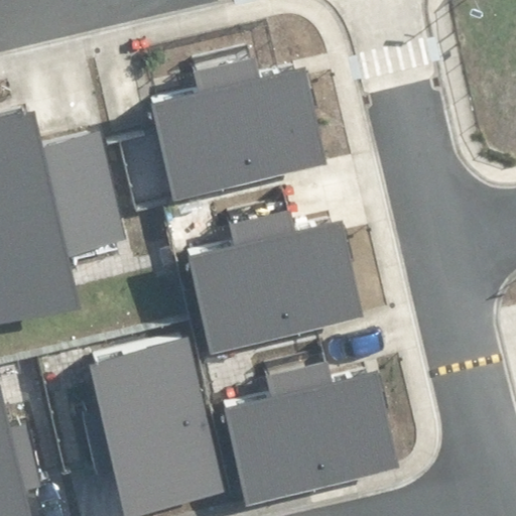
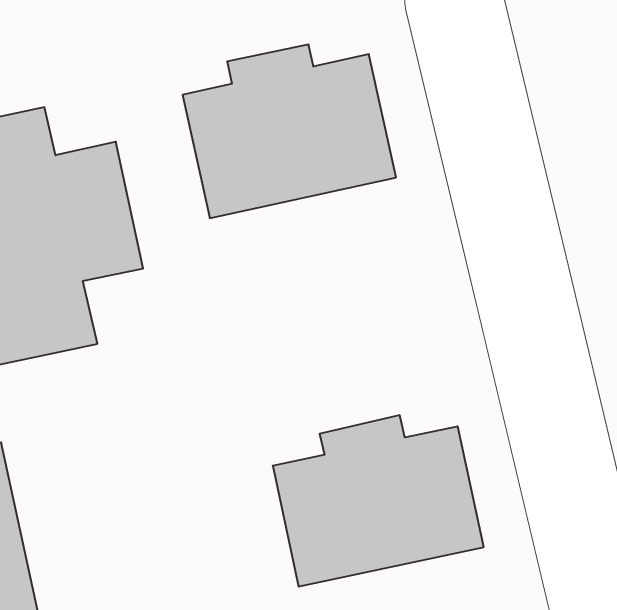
building: [190,208,360,347] -> none
building: [89,335,220,509] -> none

